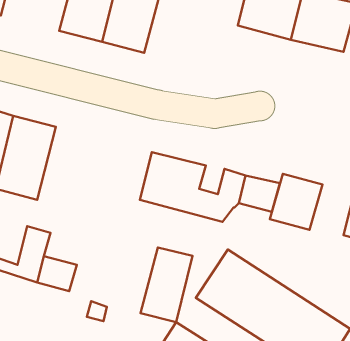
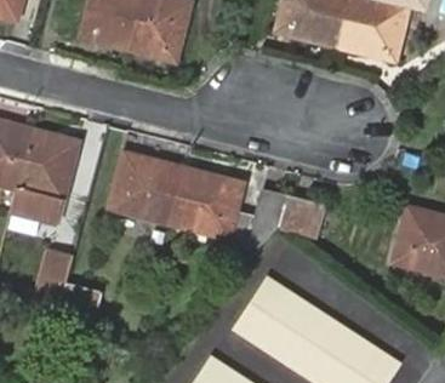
building: none -> [112,154,183,222]
building: [270,174,322,230] -> none
building: [141,247,193,322] -> none

